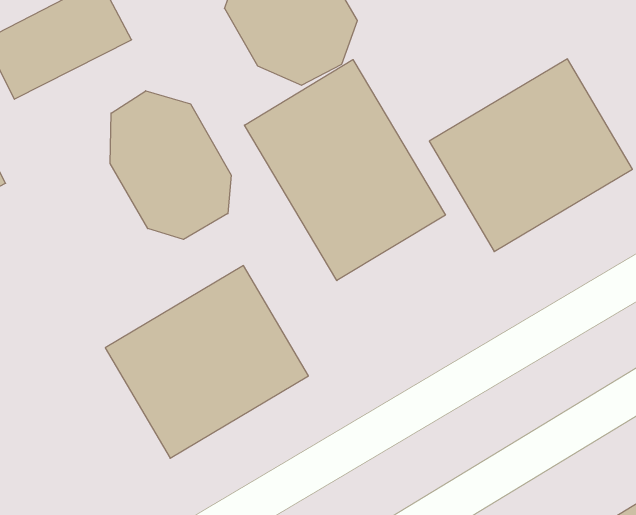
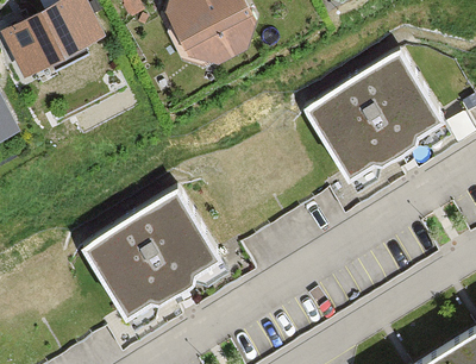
building: [244,60,445,281] -> none
building: [110,91,231,239] -> none

